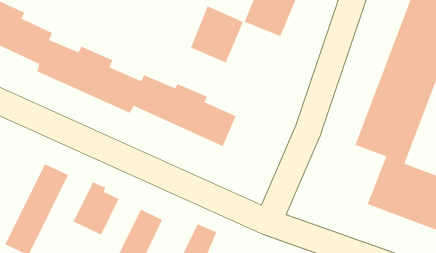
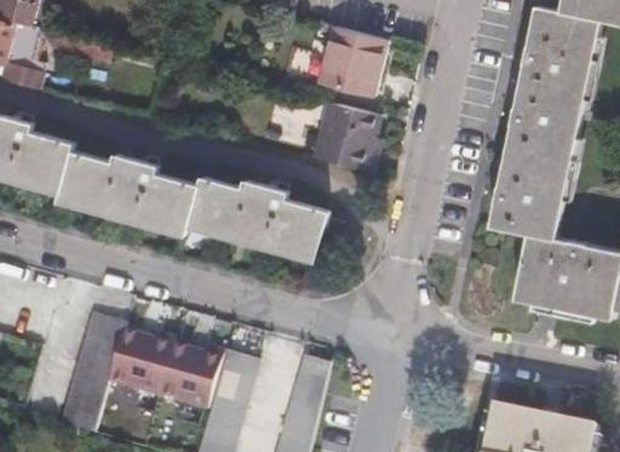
building: [190,6,244,63] -> [314,104,378,174]
building: none -> [109,324,155,383]
building: none -> [179,342,225,404]

